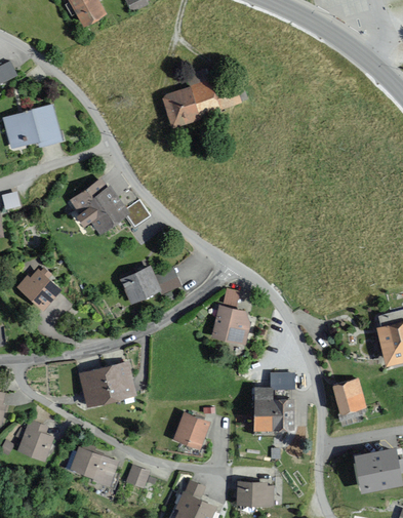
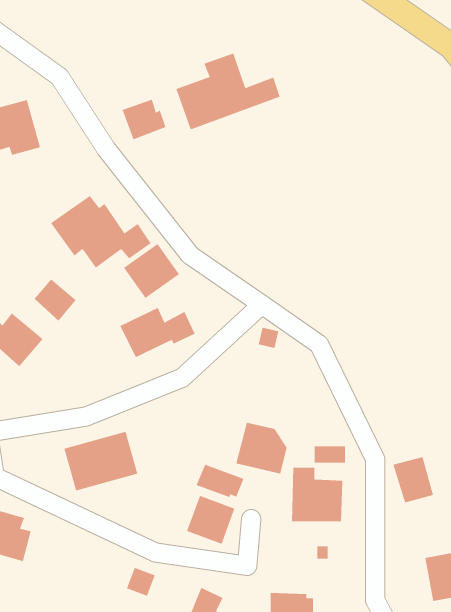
building: none -> [122,99,166,140]
building: none -> [123,243,180,299]
building: none -> [34,278,76,321]
building: [212,306,252,346] -> [235,422,287,474]
building: none -> [196,464,244,498]
building: [72,448,117,486] -> none

